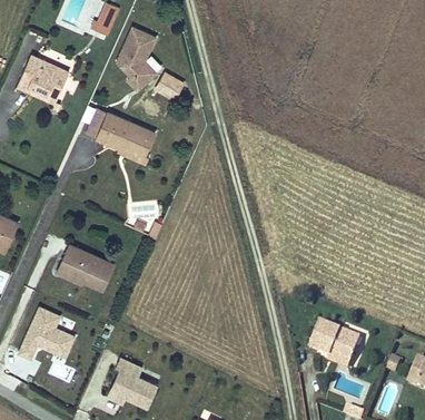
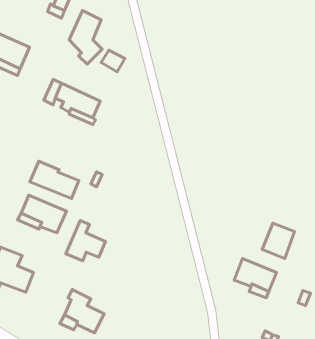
building: none -> [30,161,79,199]
building: none -> [66,221,106,261]
building: none -> [262,223,295,259]

